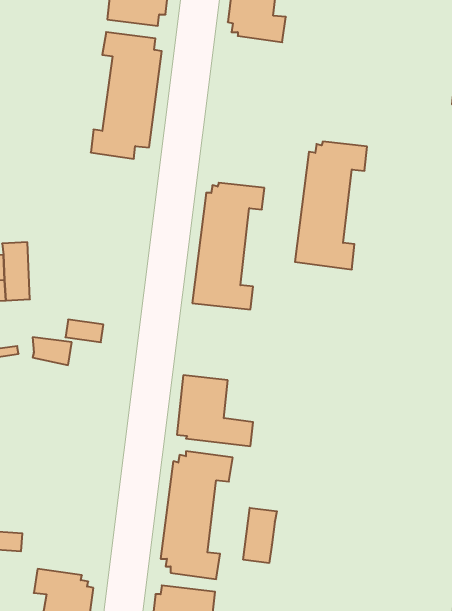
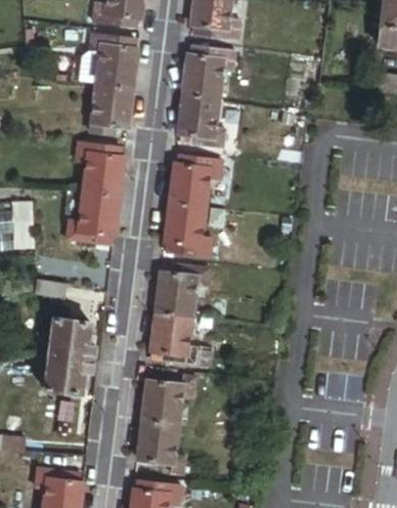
building: [295,142,367,269] -> [176,45,234,149]
building: none -> [65,139,124,245]
building: none -> [156,262,208,313]
building: none -> [44,318,94,393]
building: [243,508,277,563] -> none

